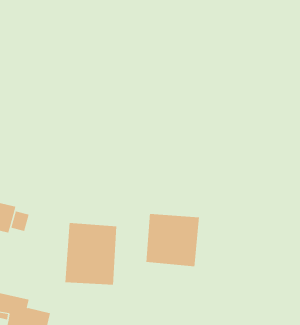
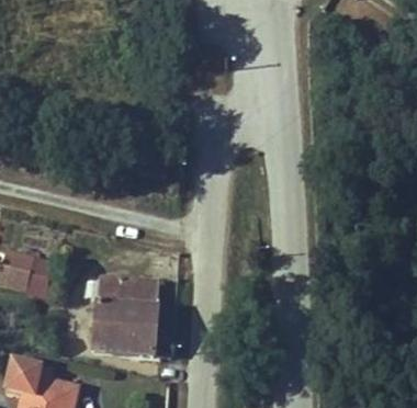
building: [146,213,200,267] -> none

